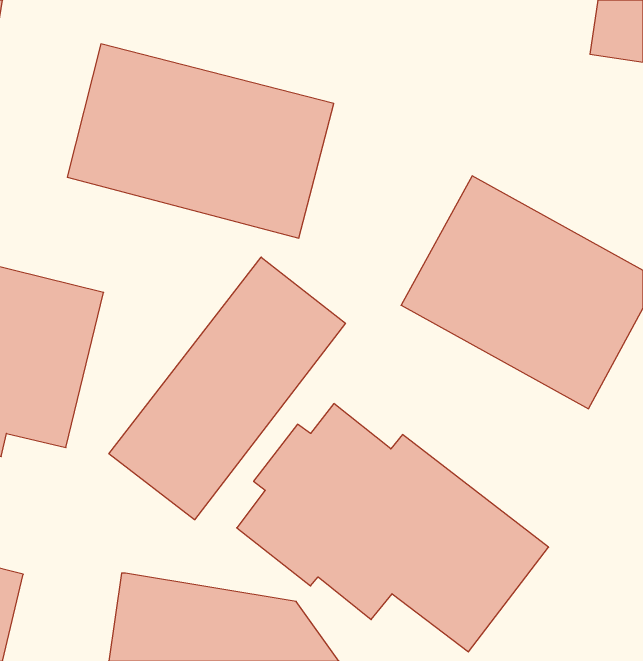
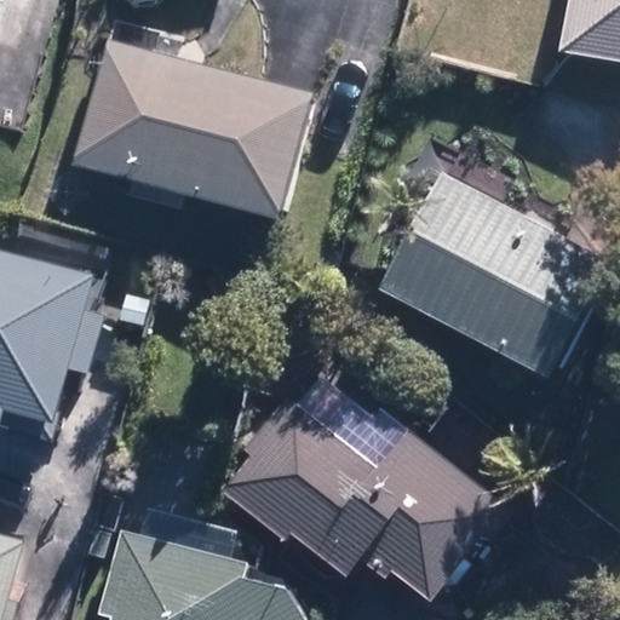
building: [109,257,345,520] -> none

